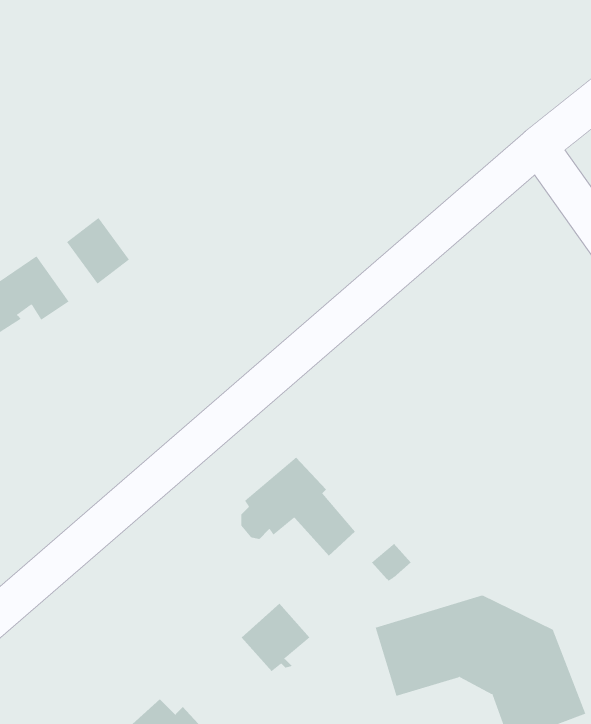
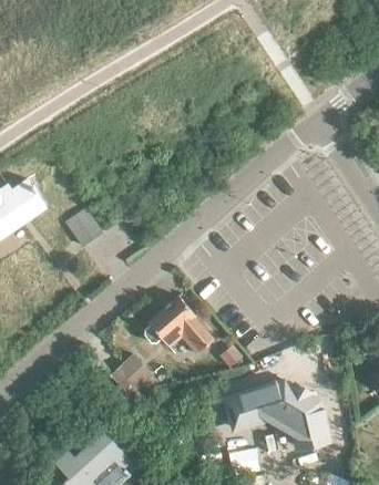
building: [66,217,130,284] -> [64,208,101,247]
building: [241,603,310,672] -> [110,355,150,395]

